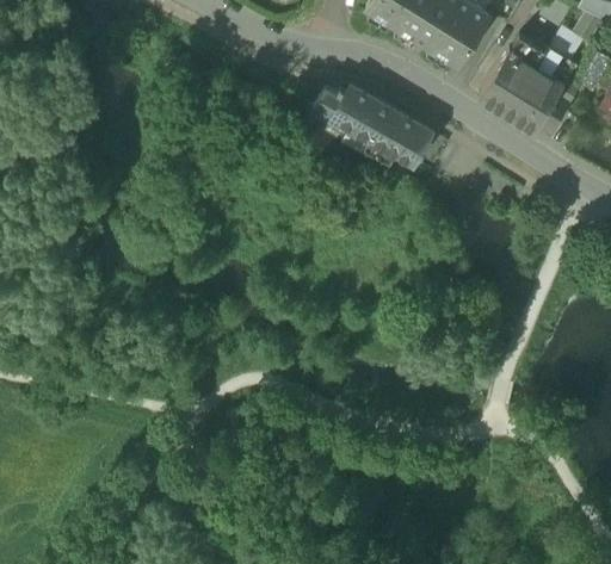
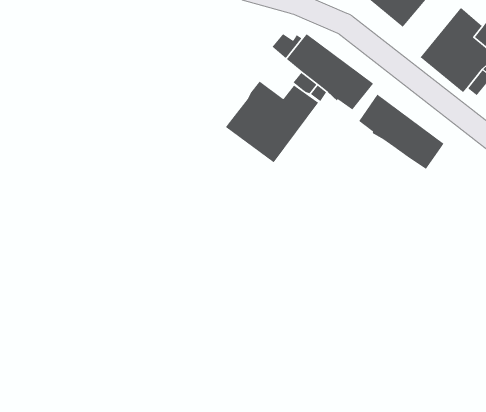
building: none -> [358,93,445,170]
building: none -> [225,81,319,164]

